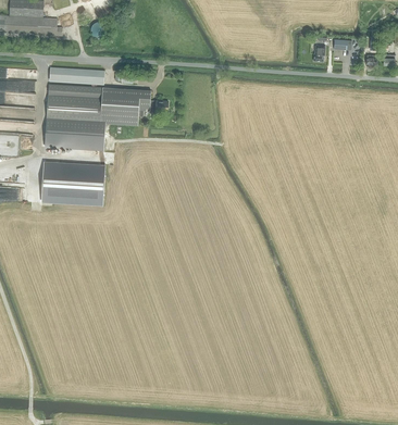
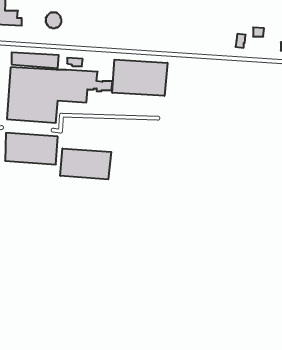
building: none -> [112,60,167,96]
building: none -> [60,148,111,179]

